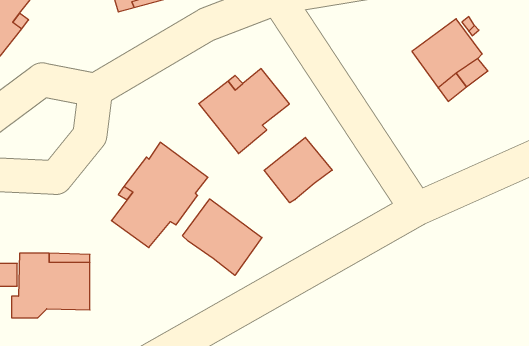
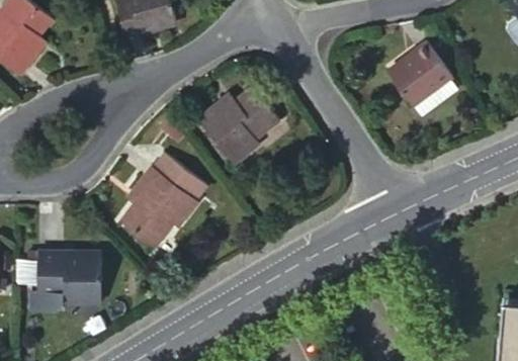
building: [264,137,332,203] -> none
building: [183,199,262,275] -> none

